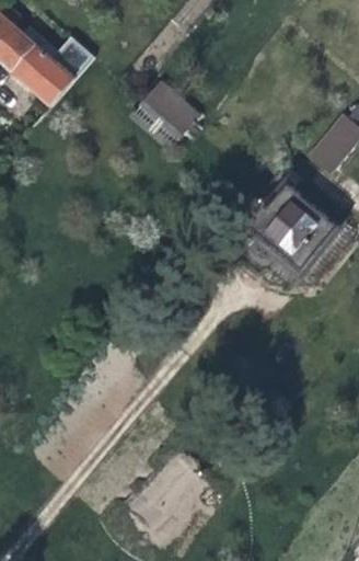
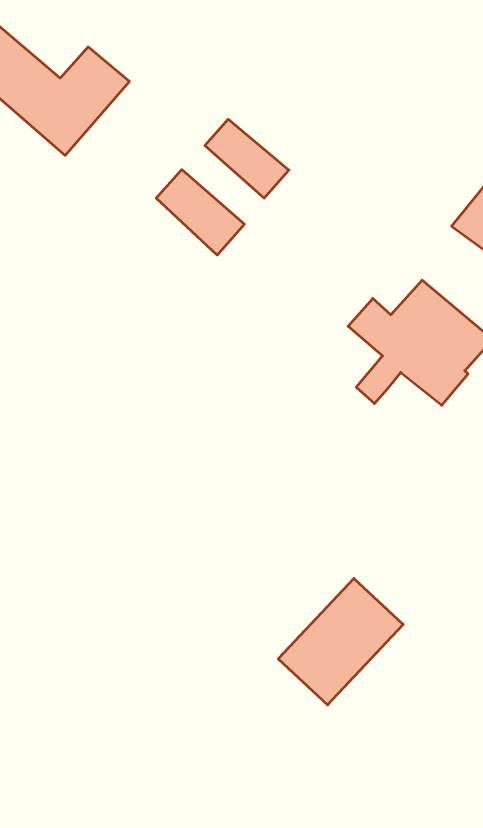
building: none -> [156,170,244,255]
building: [126,451,209,536] -> [278,578,403,705]

